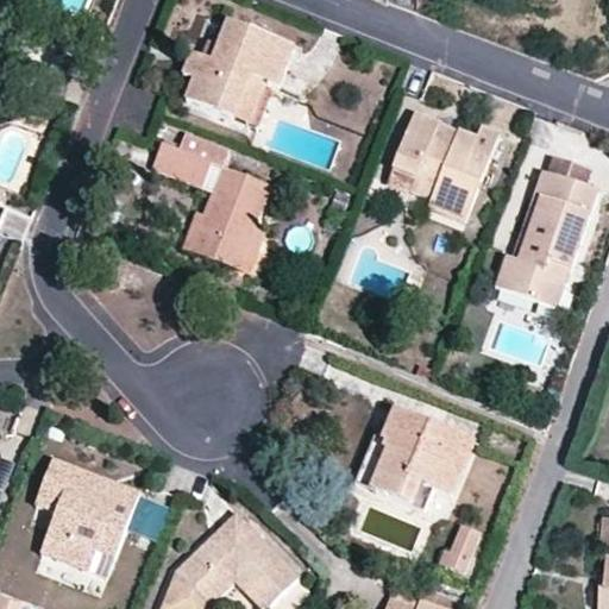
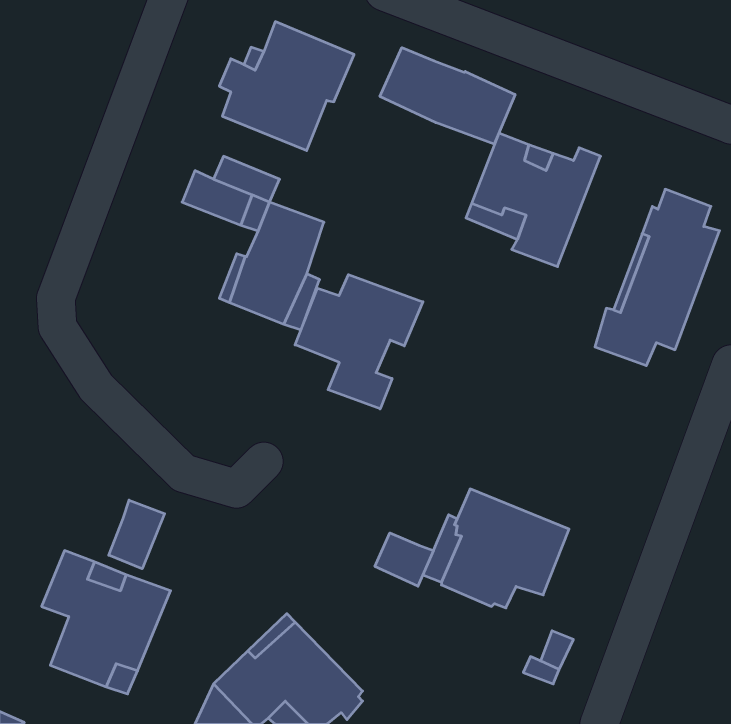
building: none -> [380,48,515,144]
building: none -> [295,275,423,409]
building: none -> [109,500,165,569]
building: none -> [375,533,433,586]

